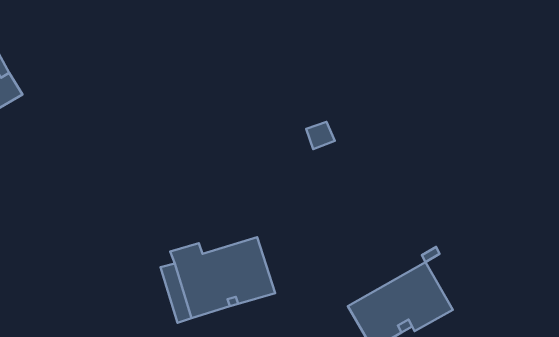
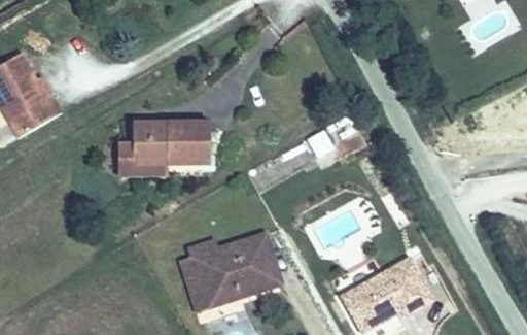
building: none -> [124,121,207,166]

